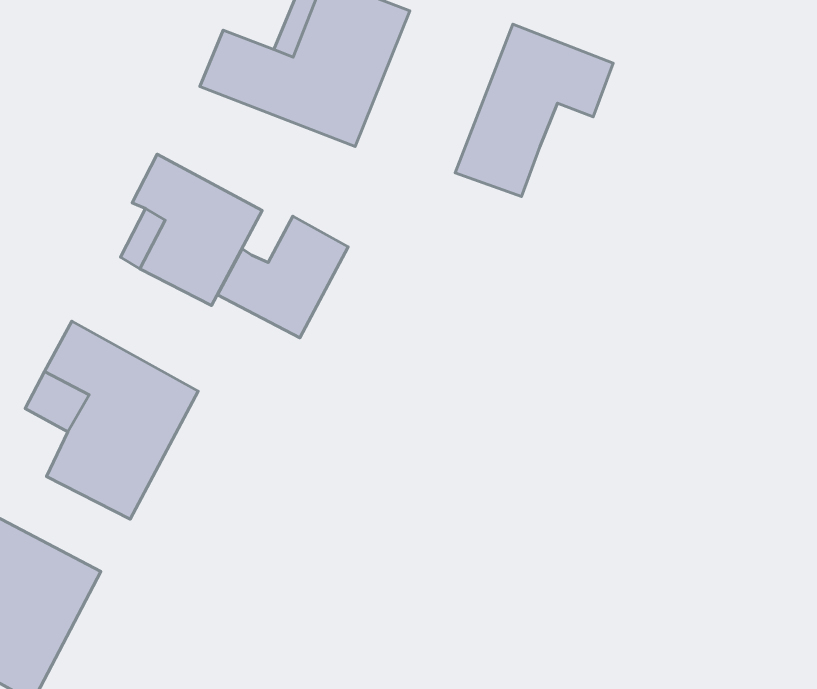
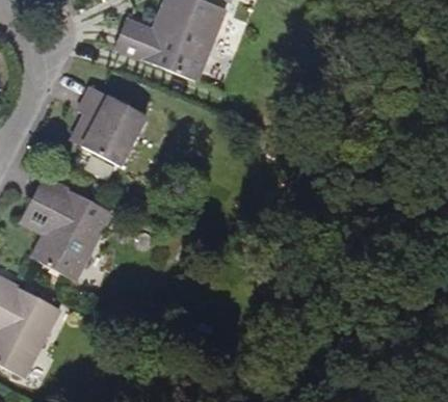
building: [455,24,613,196] -> none
building: [217,216,348,338] -> none

